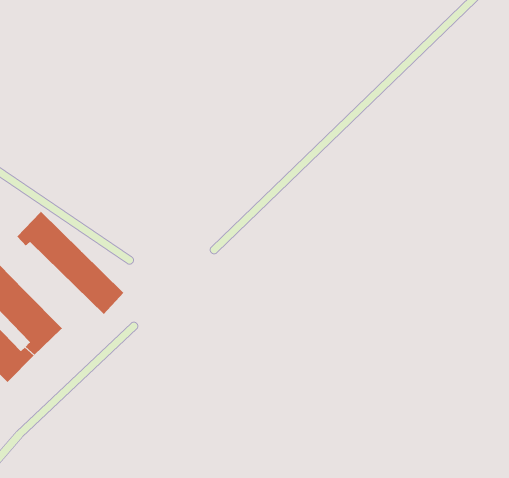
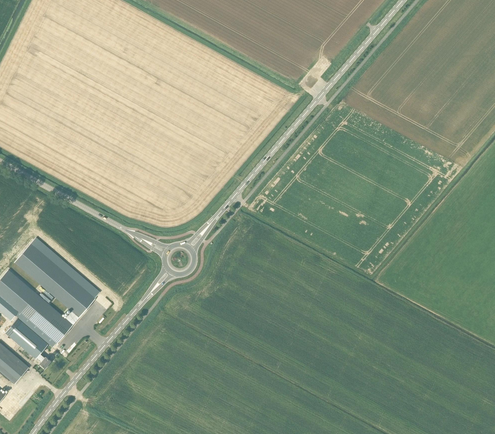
building: [16,211,124,315] -> none

